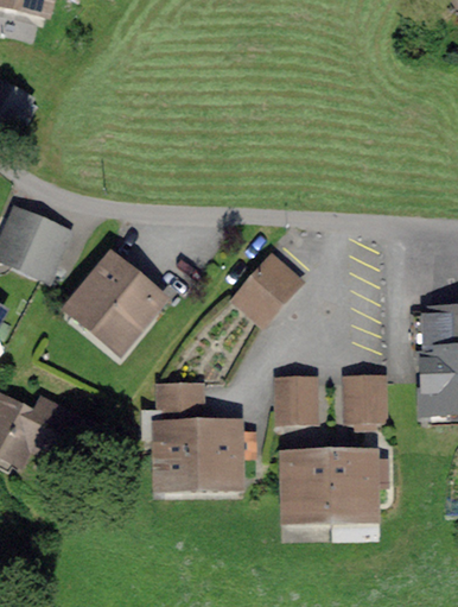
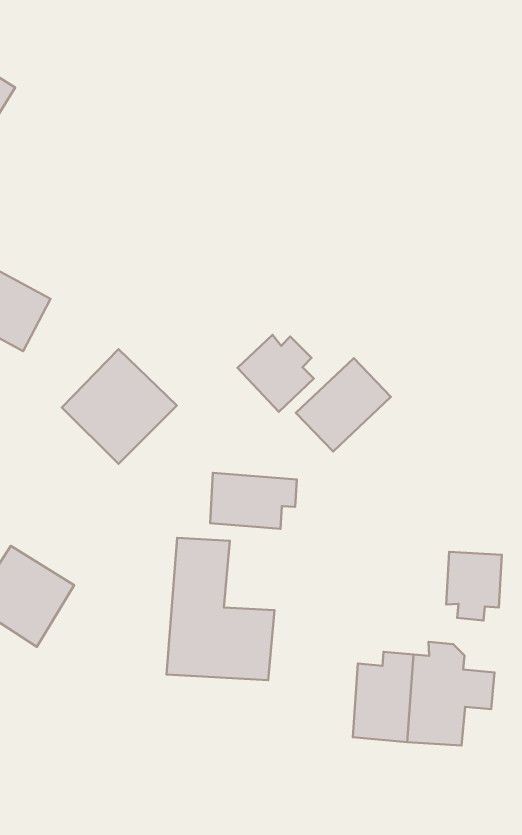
building: none -> [237,335,314,412]
building: none -> [210,473,297,529]
building: [276,382,313,419] -> none

